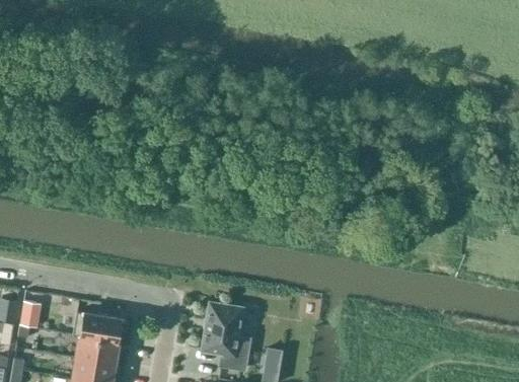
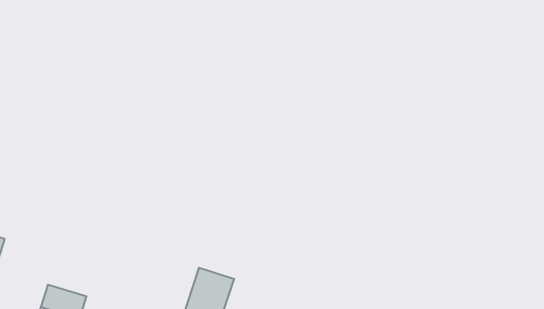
building: [74,313,121,343] -> none

